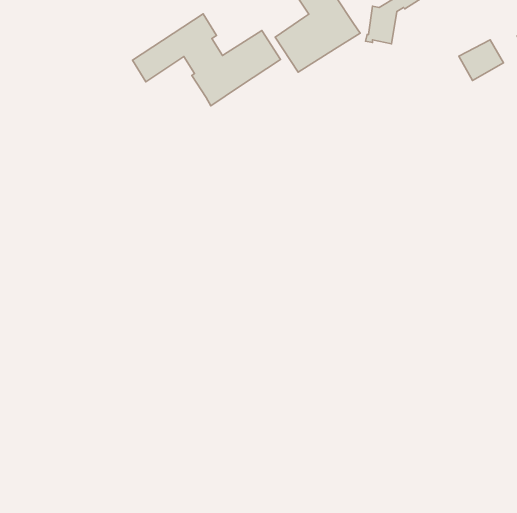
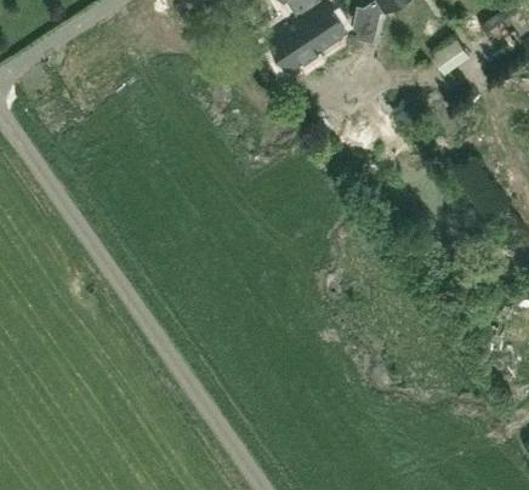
building: [133,14,280,106] -> none

